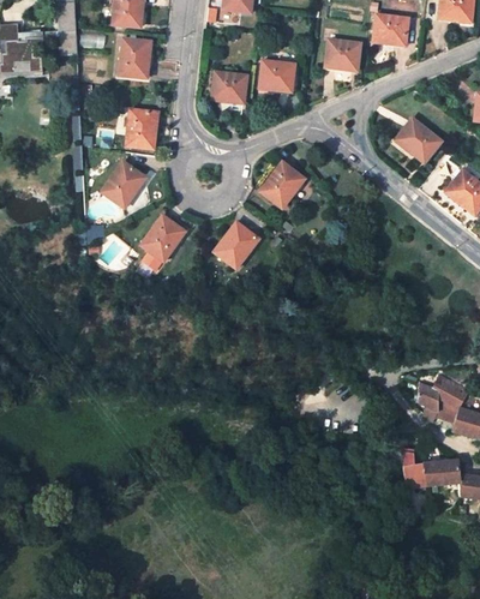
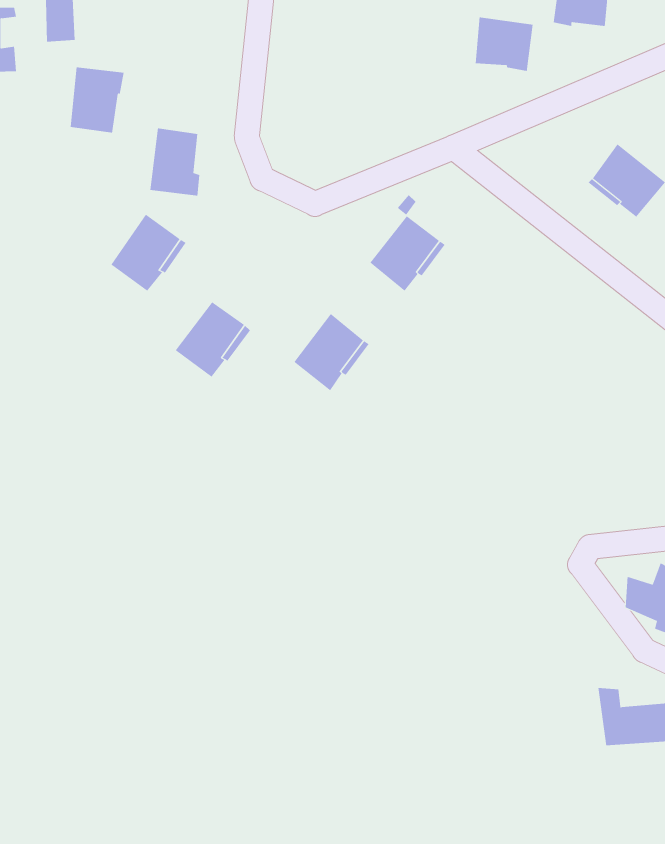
building: [116,37,150,78] -> [70,67,124,133]
building: [258,60,294,90] -> none
building: [211,72,247,104] -> none

